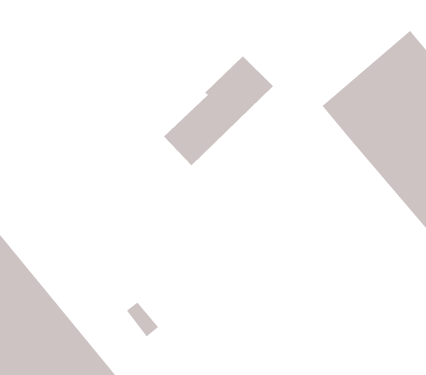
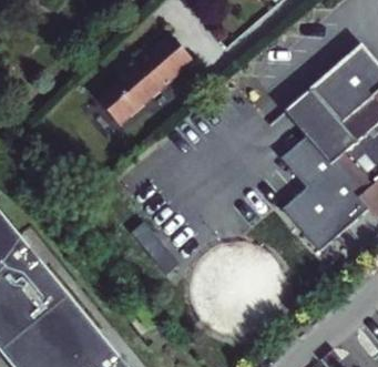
building: [163,55,274,166] -> [100,32,195,128]
building: none -> [280,137,369,253]

